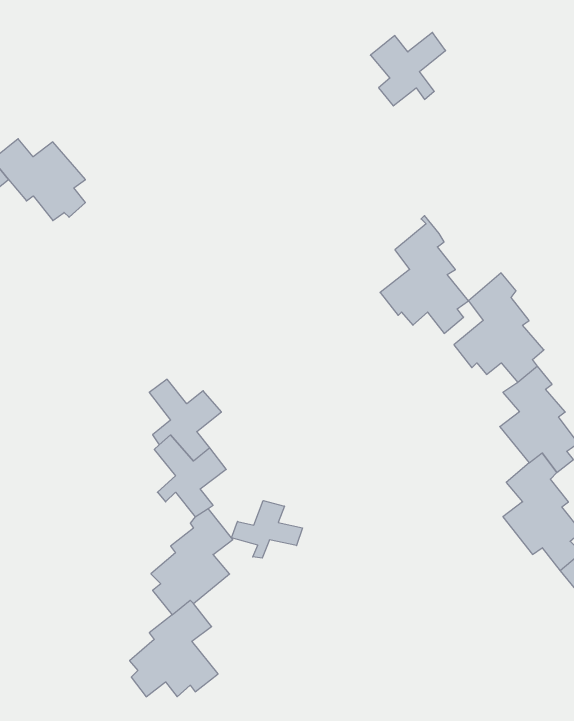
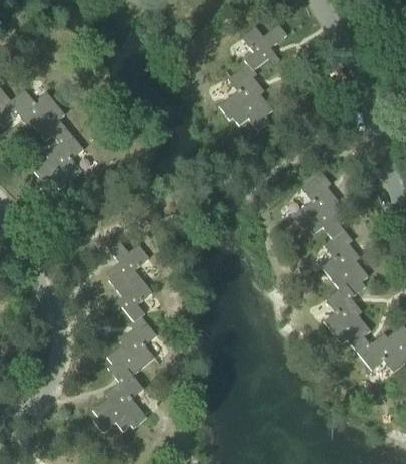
building: none -> [33,129,82,192]
building: [380,216,469,333] -> [218,58,272,131]
building: [231,501,302,558] -> none

